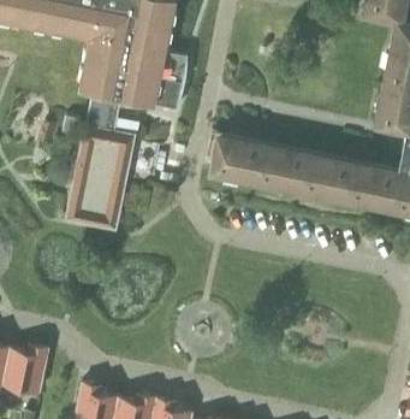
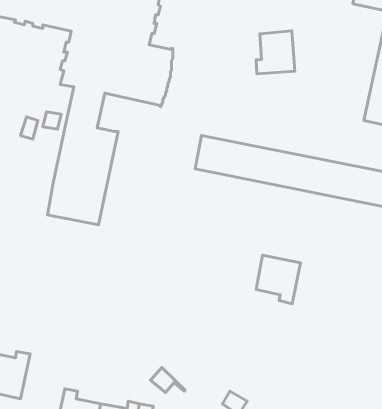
building: none -> [256,31,295,74]
building: none -> [256,255,300,304]

